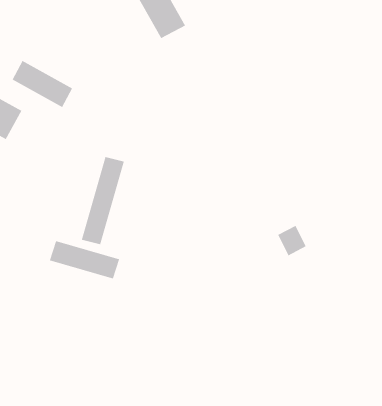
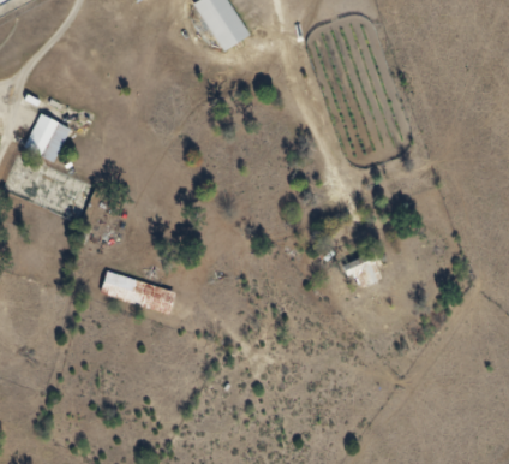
building: [11,60,73,108] -> none
building: [81,156,125,245] -> none

